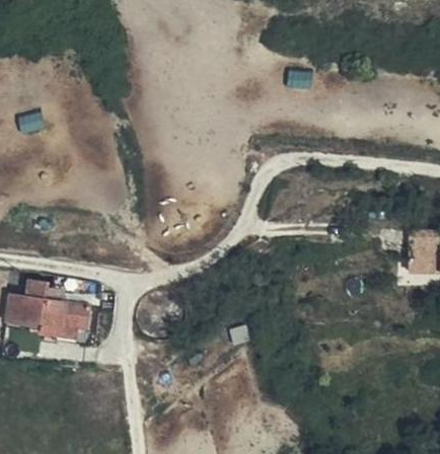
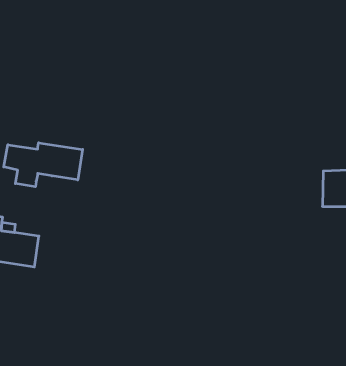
building: none -> [4,143,83,187]

